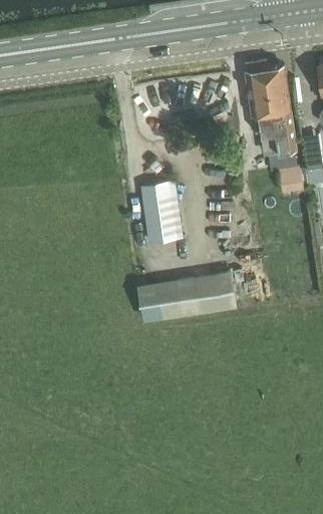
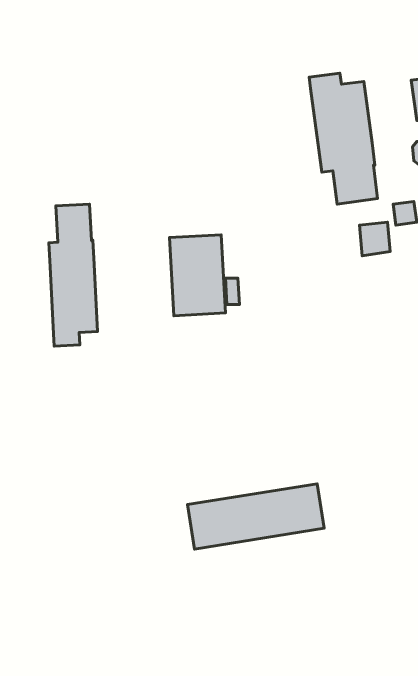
building: none -> [49,204,98,346]
building: [137,273,236,320] -> [187,484,324,549]

